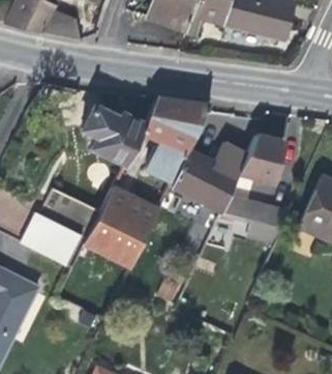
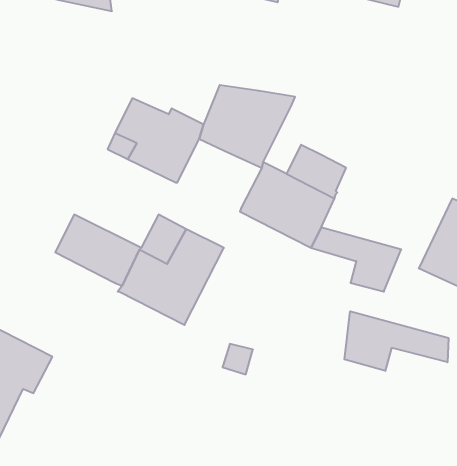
building: [240,135,283,182] -> none
building: [147,142,187,182] -> none
building: [21,212,83,265] -> none
building: none -> [344,311,448,371]

